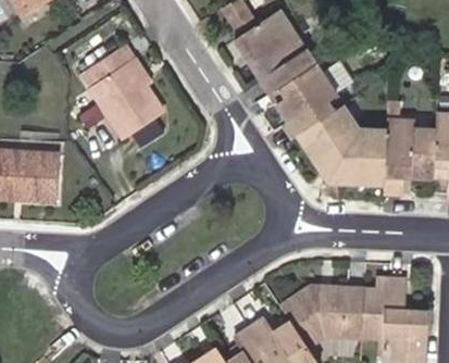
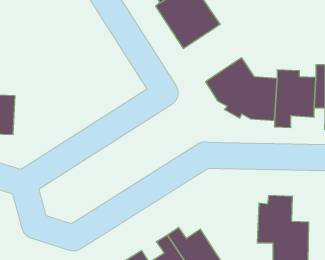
building: [79,45,163,140] -> none
building: [267,63,336,136] -> none
building: [278,287,363,349] -> none

